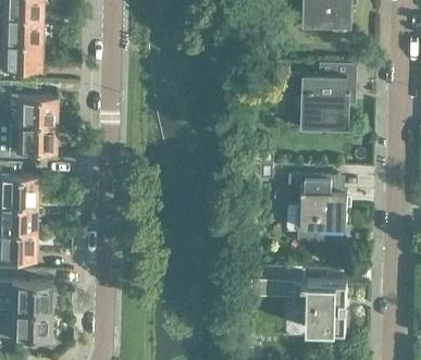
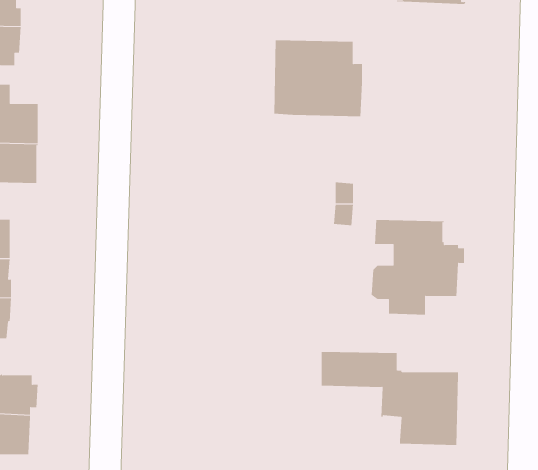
building: [288,76,350,129] -> [273,40,363,117]

